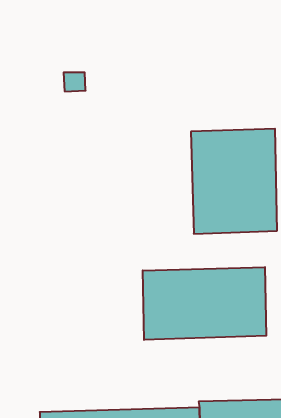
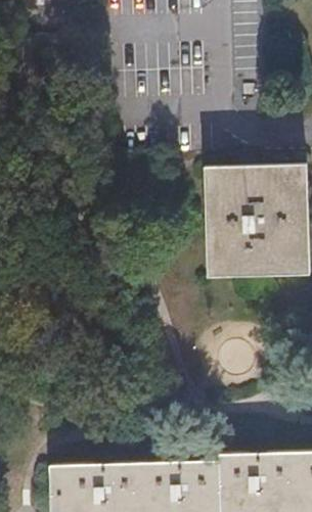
building: [143,267,266,340] -> none

